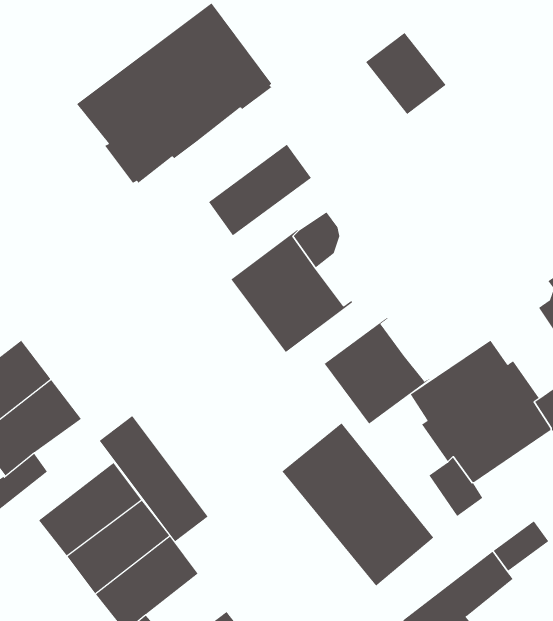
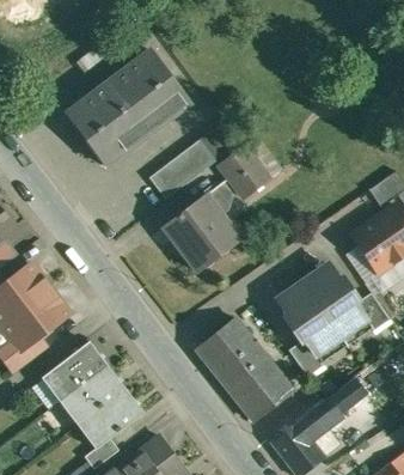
building: [365,32,446,115] -> [218,145,269,197]
building: [324,317,432,424] -> none
building: [99,415,208,542] -> none

